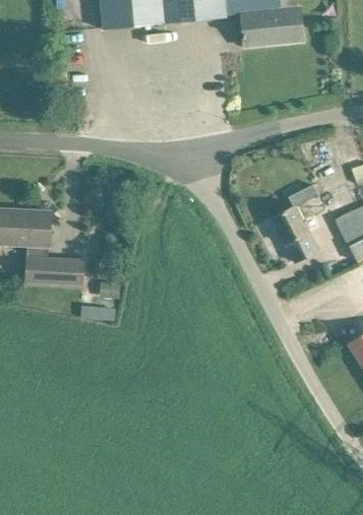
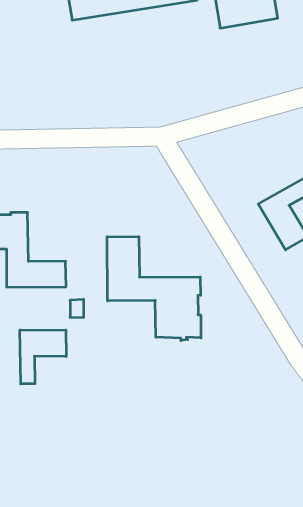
building: none -> [107,237,201,341]
building: none -> [20,330,66,384]

